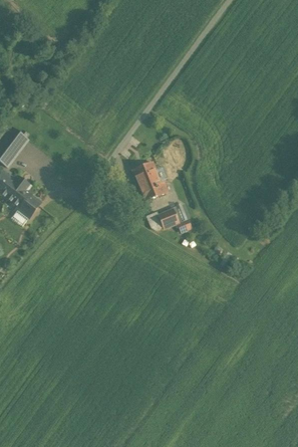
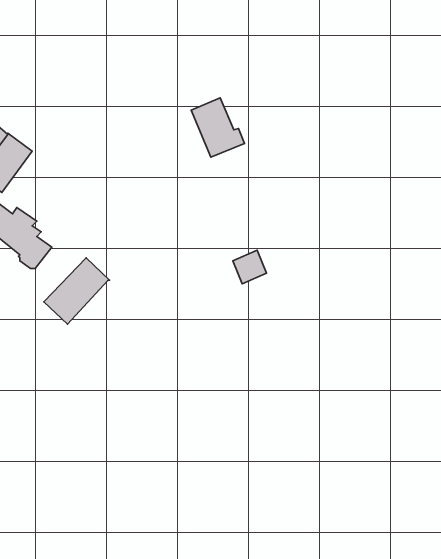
building: [132,161,168,200] -> [191,98,244,157]
building: none -> [44,258,110,324]

